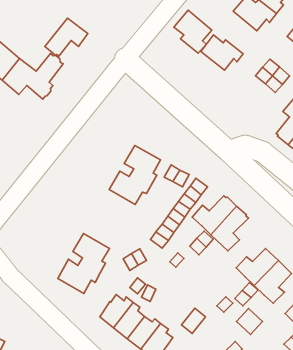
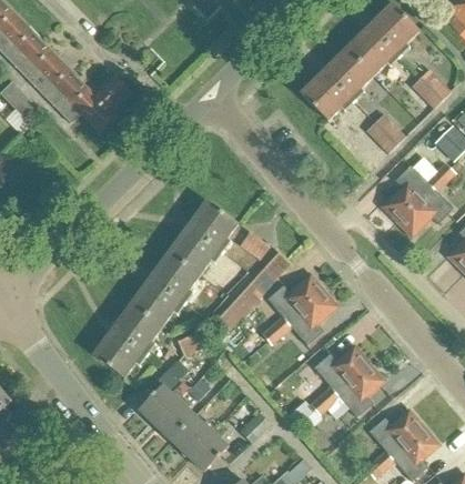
building: [174,10,212,53] -> [326,48,373,102]
building: [45,18,88,56] -> none
building: none -> [131,252,199,325]

